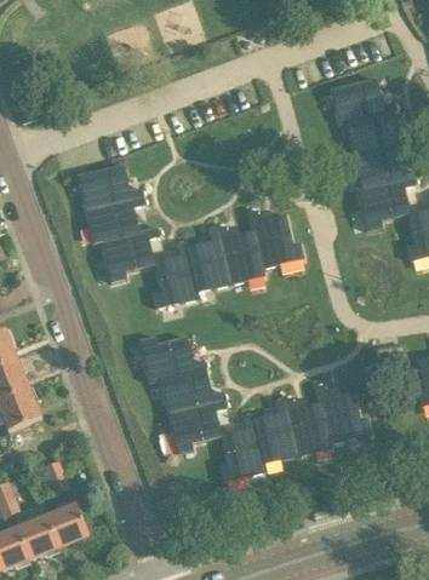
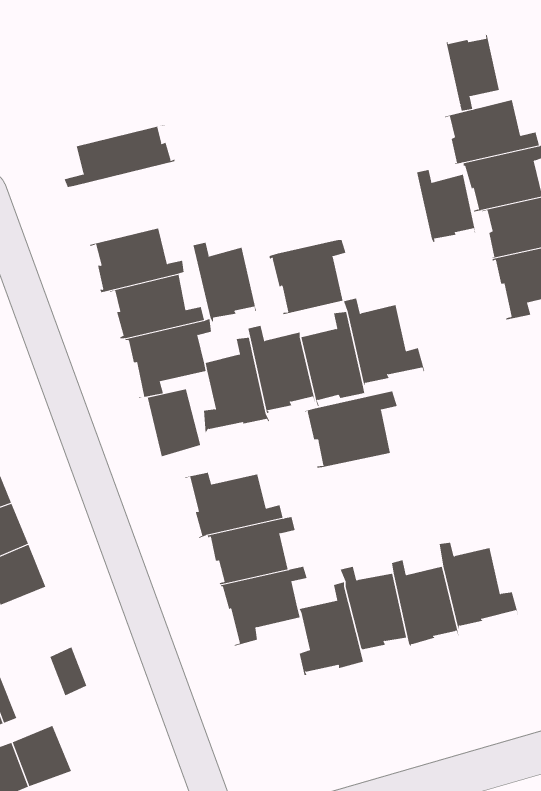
building: none -> [446,34,500,112]
building: none -> [64,124,175,188]
building: none -> [416,169,476,243]
building: none -> [269,239,346,315]
building: none -> [193,242,256,323]
building: none -> [147,388,201,457]
building: none -> [304,391,398,469]
building: [45,504,87,549] -> none

